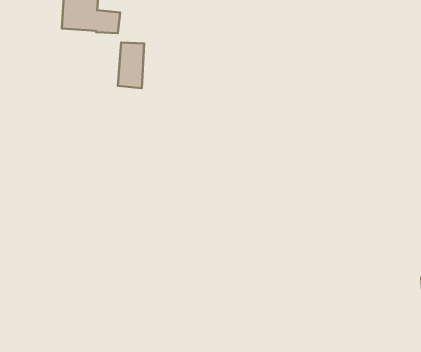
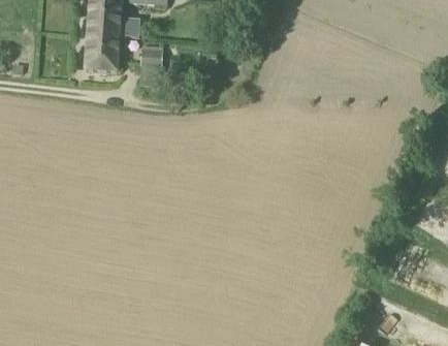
building: none -> [85,32,119,70]

